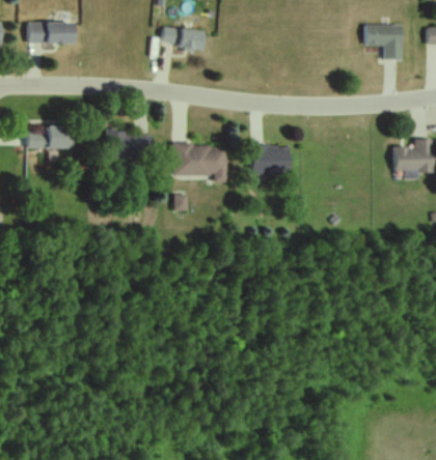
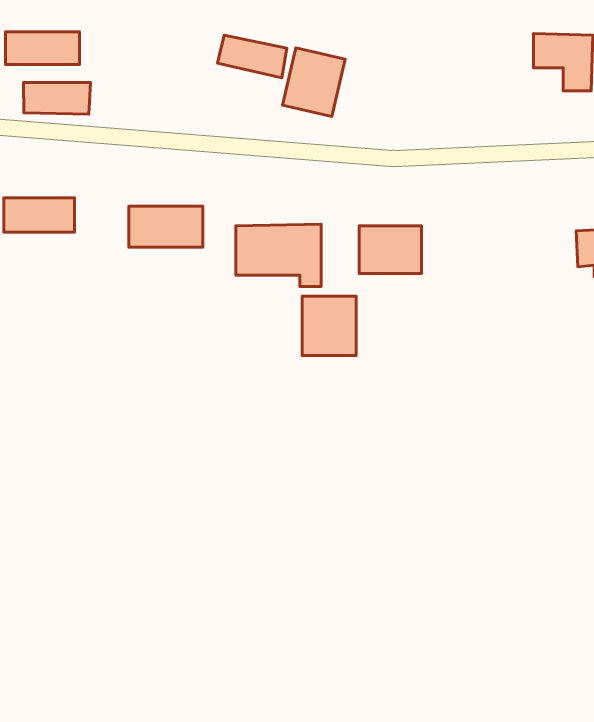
building: none -> [282,48,345,117]
building: none -> [24,83,91,114]
building: none -> [302,296,356,356]

